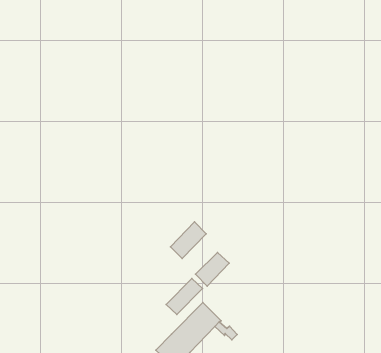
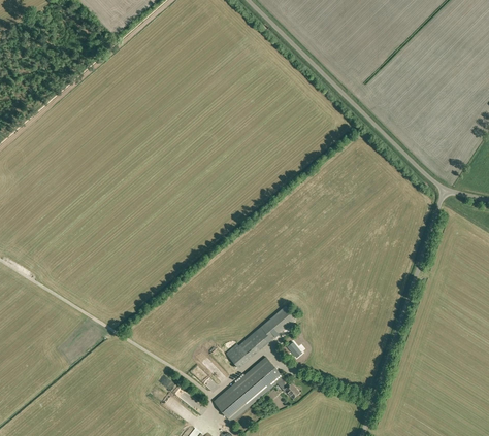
building: [171,222,206,259] -> none

